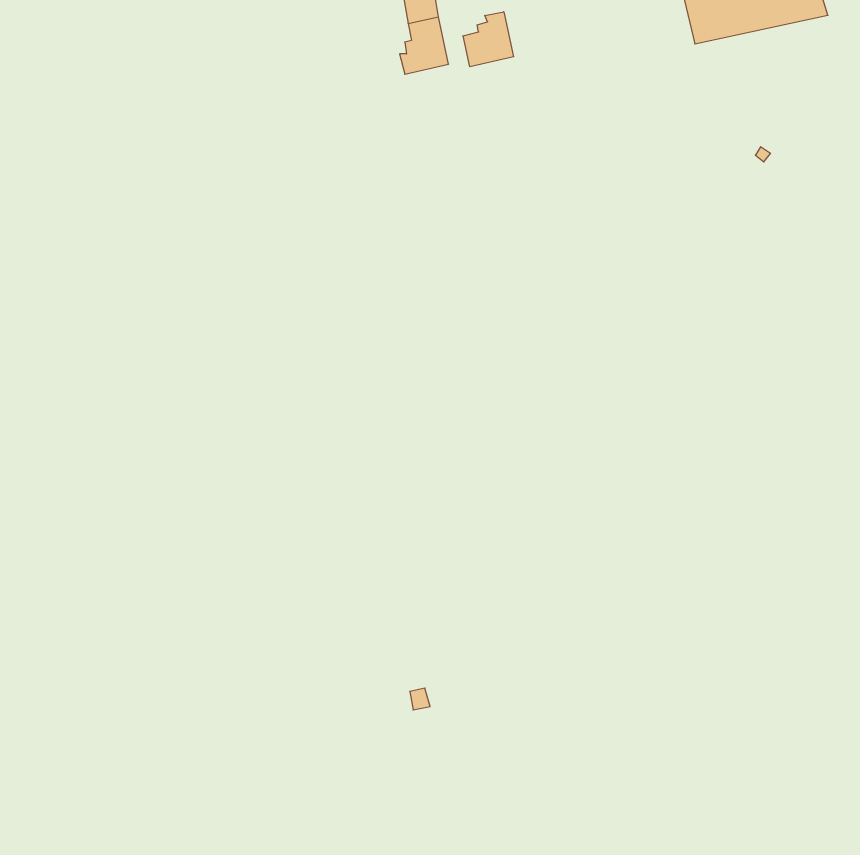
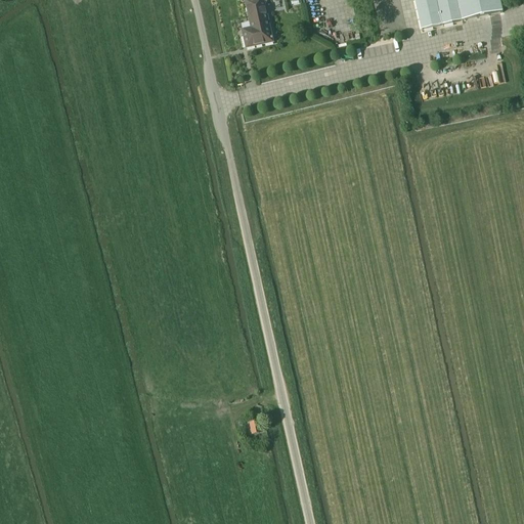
building: [463,12,513,67] -> none

